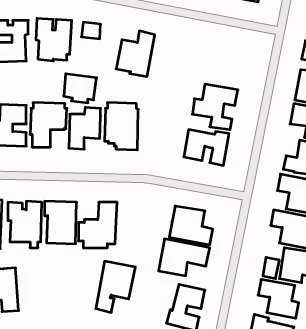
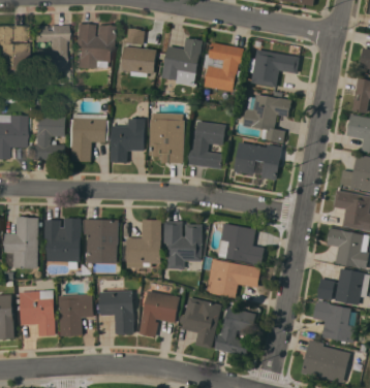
building: none -> [205,42,244,92]
building: none -> [251,50,300,88]
building: [64,74,97,103] -> [122,46,157,77]
building: none -> [187,122,226,169]
building: none -> [164,221,203,269]
building: none -> [99,291,134,334]
building: none -> [59,294,94,336]
building: none -> [179,297,222,349]

